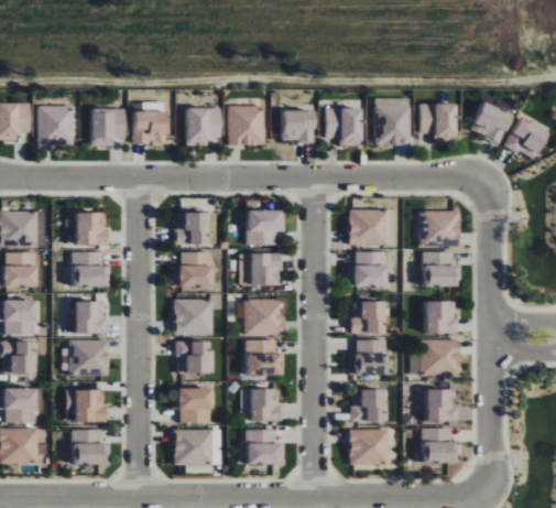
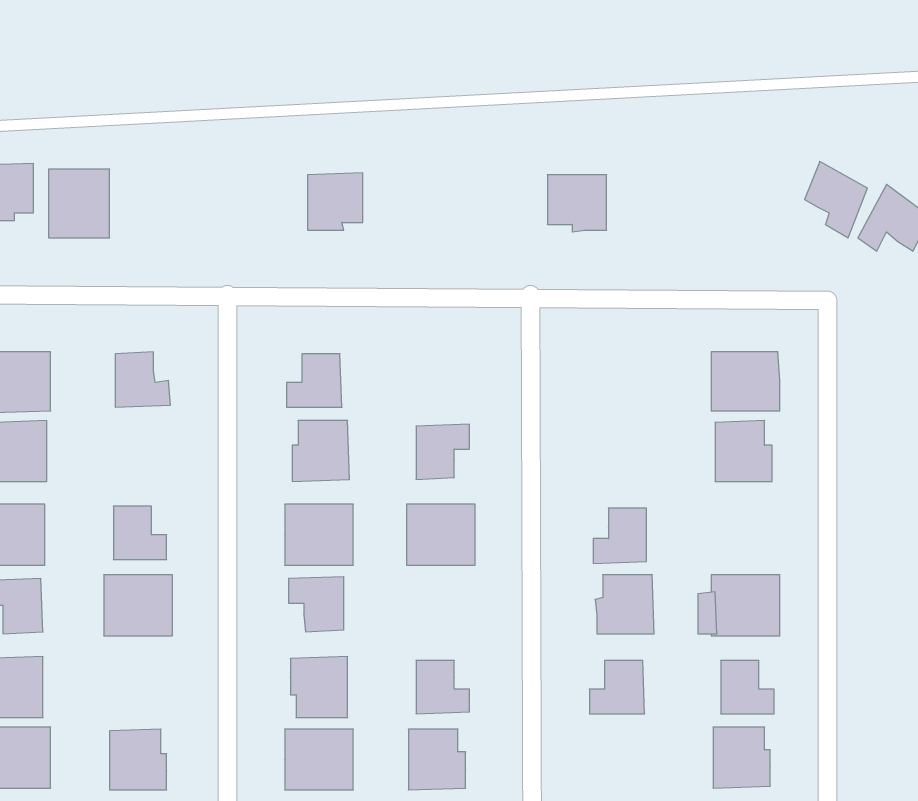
building: [421,104,455,137] -> none
building: [229,106,264,145] -> none
building: [375,106,411,145] -> none
building: [91,109,124,142] -> none
building: [283,110,314,143] -> none
building: [134,111,165,144] -> none
building: [247,209,281,245] -> none
building: [348,210,388,245] -> none
building: [353,251,386,287] -> none
building: [73,252,106,288] -> none
building: [425,302,457,334] -> none
building: [246,341,279,376] -> none
building: [75,390,106,421] -> none
building: [349,430,389,465] -> none

